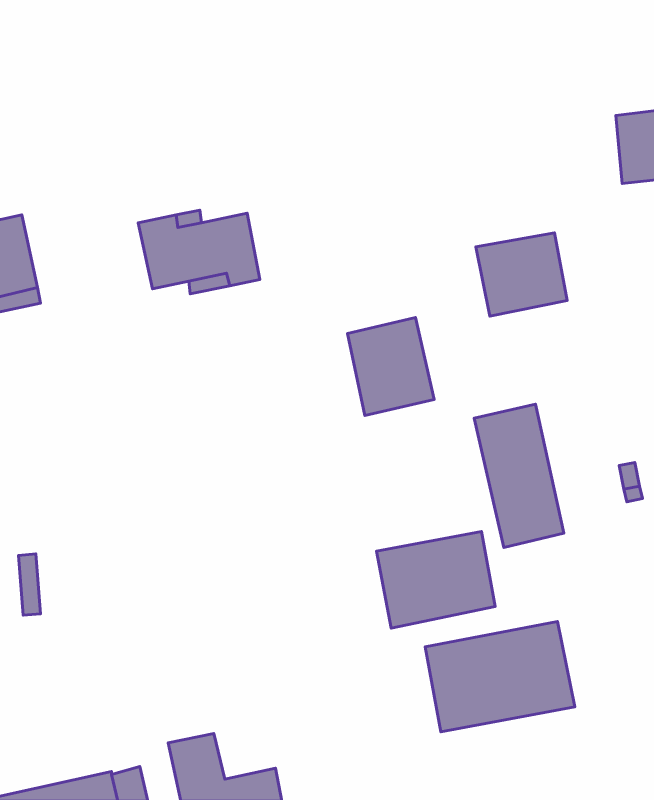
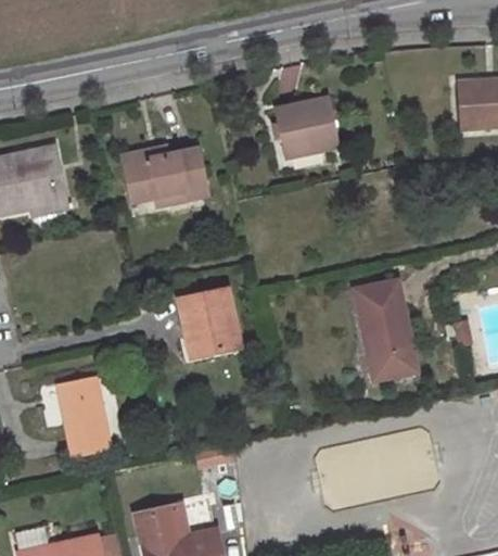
building: [476,233,567,316] -> [273,102,336,160]
building: [348,318,434,415] -> [181,289,241,356]
building: [377,532,495,628] -> none
building: none -> [54,372,108,453]

